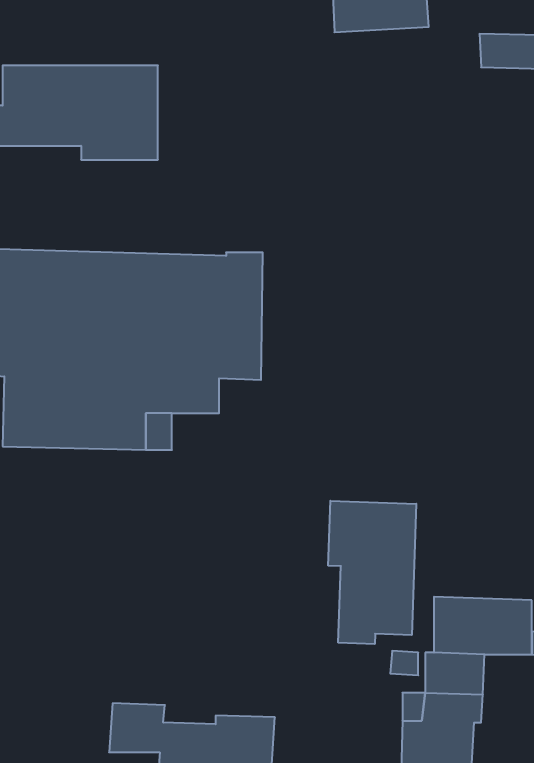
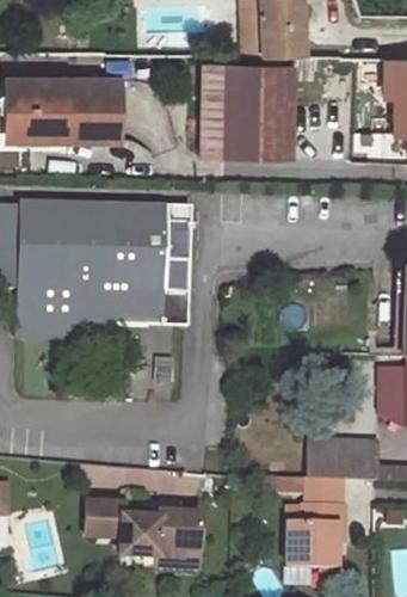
building: none -> [197,60,295,155]
building: [328,501,416,644] -> none

